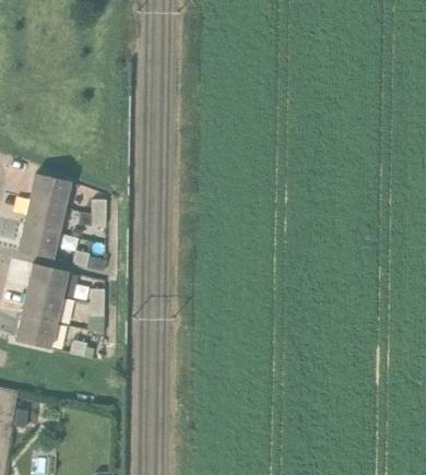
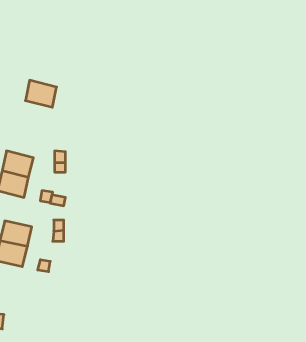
building: [31,174,71,209] -> [25,80,57,107]
building: [28,263,70,298] -> none

